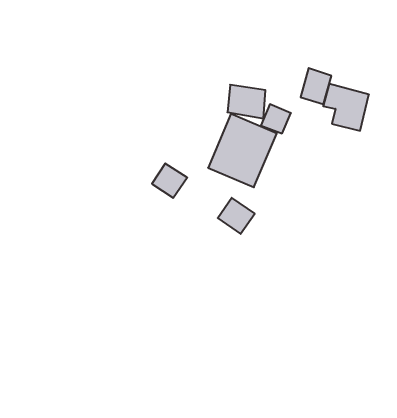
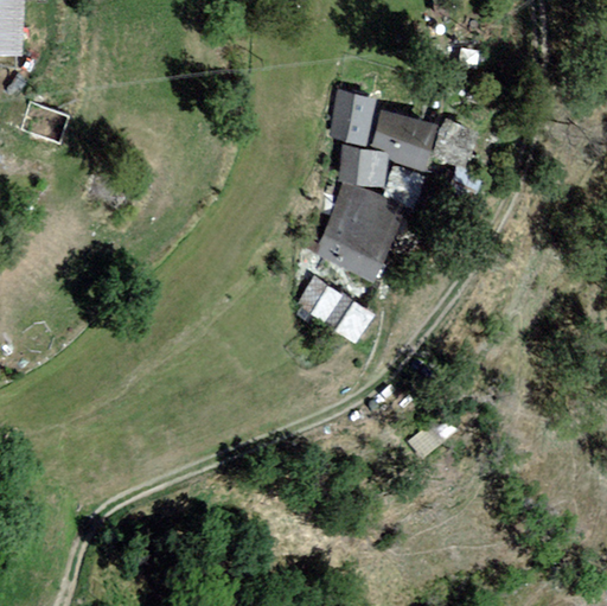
building: none -> [330,90,376,142]
building: [323,84,369,131] -> [378,111,440,174]
building: [152,163,187,198] -> [298,275,345,321]

